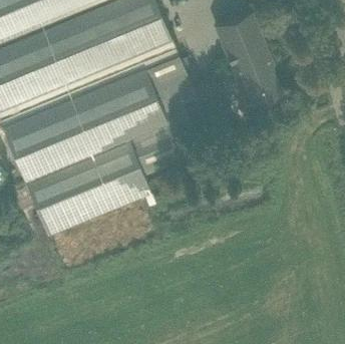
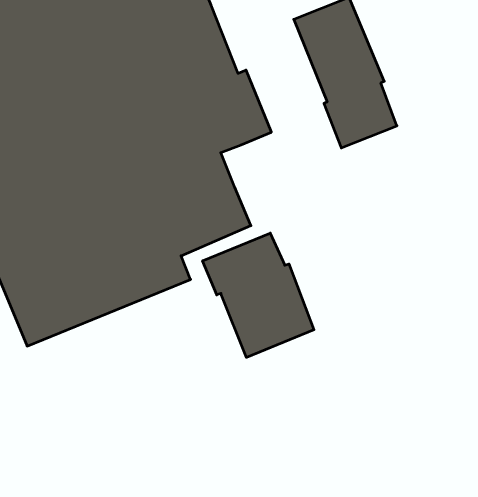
building: none -> [203,233,314,357]

